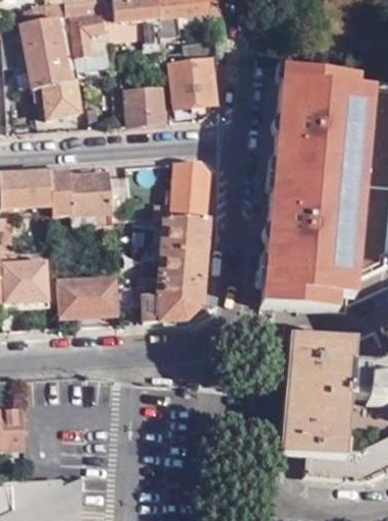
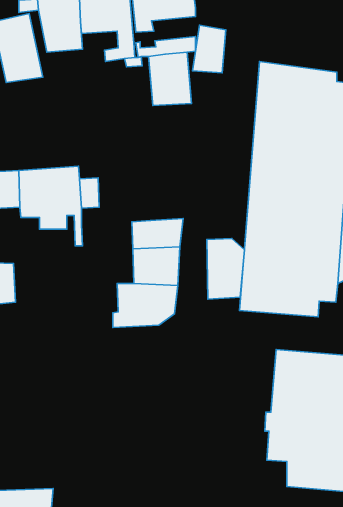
building: none -> [193,25,226,73]
building: [35,77,81,116] -> none
building: [123,79,168,123] -> none
building: [174,159,211,218] -> [207,238,244,299]
building: [52,276,113,316] -> none

